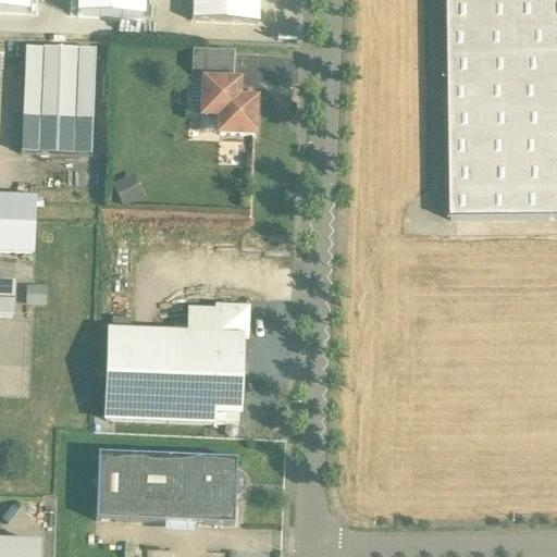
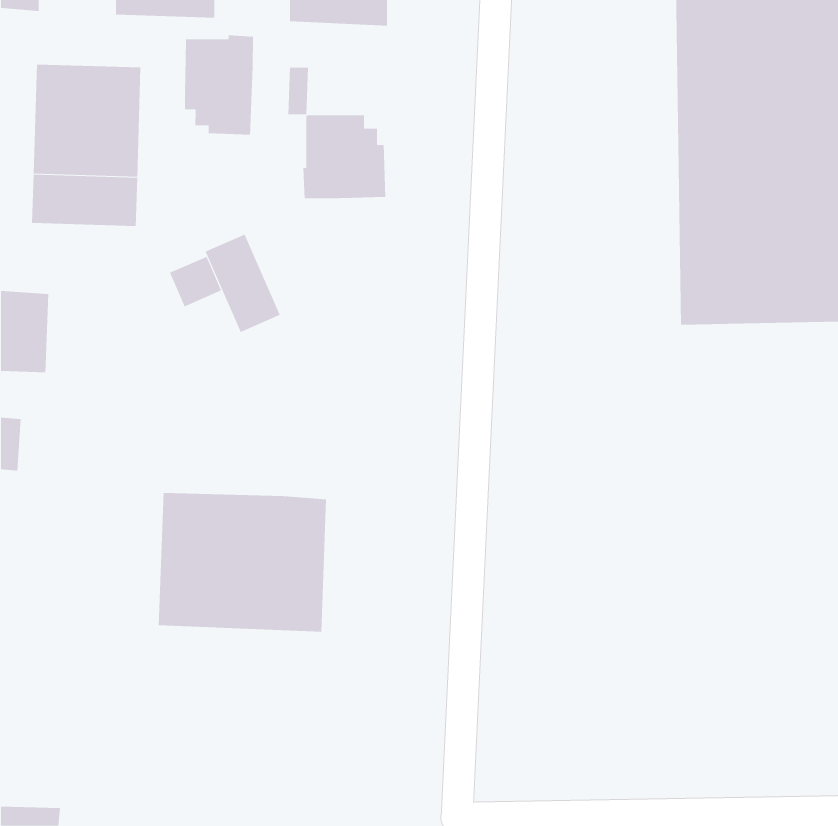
building: none -> [184,34,254,135]
building: [205,45,234,76] -> none
building: none -> [205,234,280,333]
building: [189,302,247,420] -> none
building: [96,449,243,520] -> none

